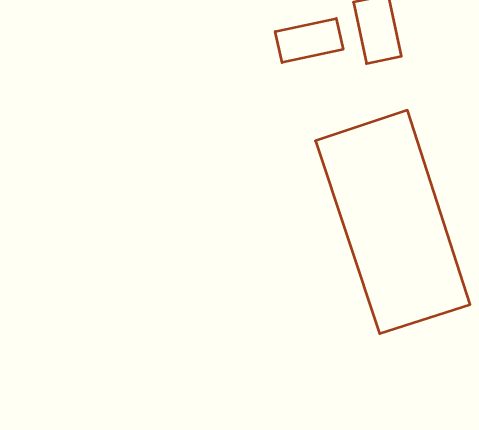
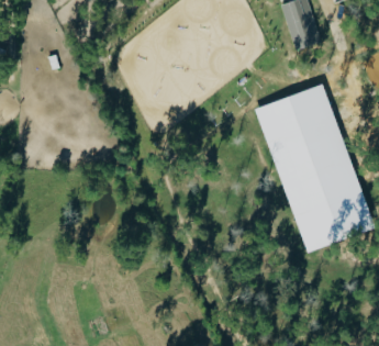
building: [275,18,343,63] -> none

